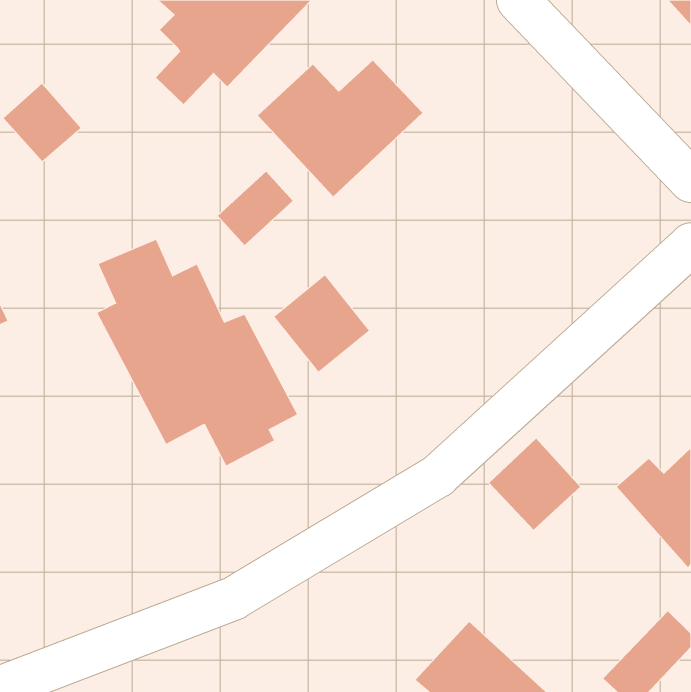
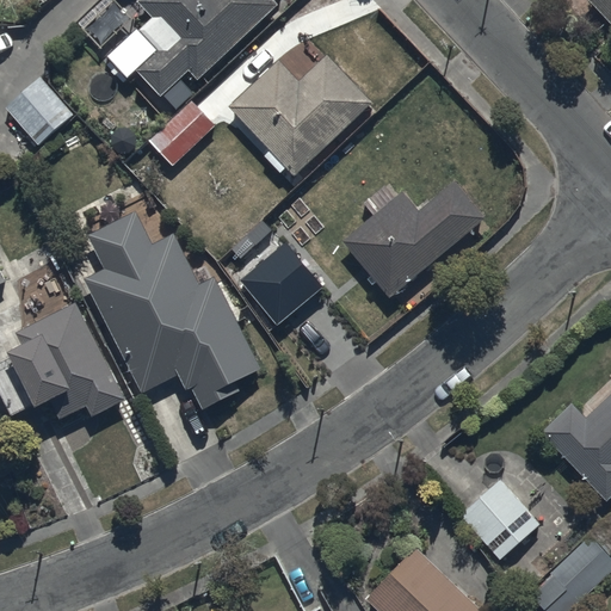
building: [217,171,294,246] -> [146,99,212,165]
building: none -> [342,180,487,300]
building: none -> [12,300,124,420]
building: [488,438,581,530] -> [458,480,539,561]

